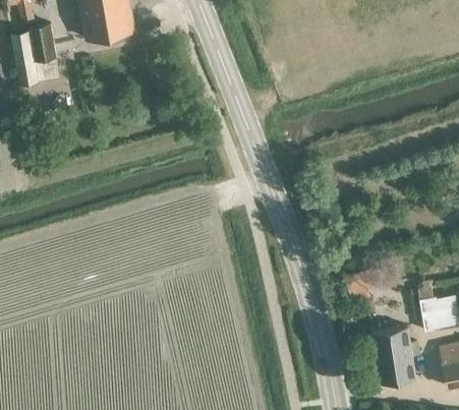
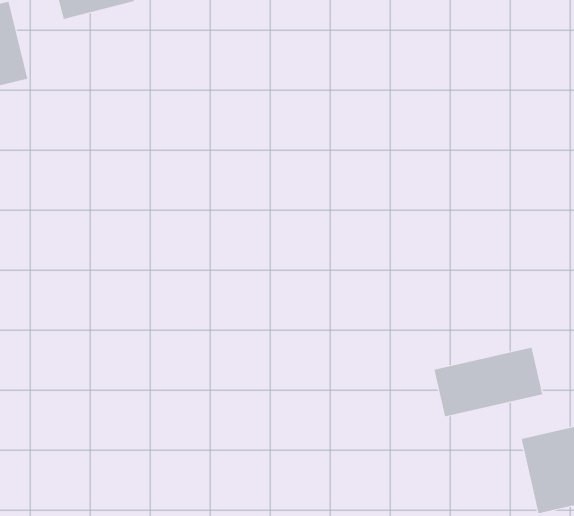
building: none -> [434,347,543,417]

